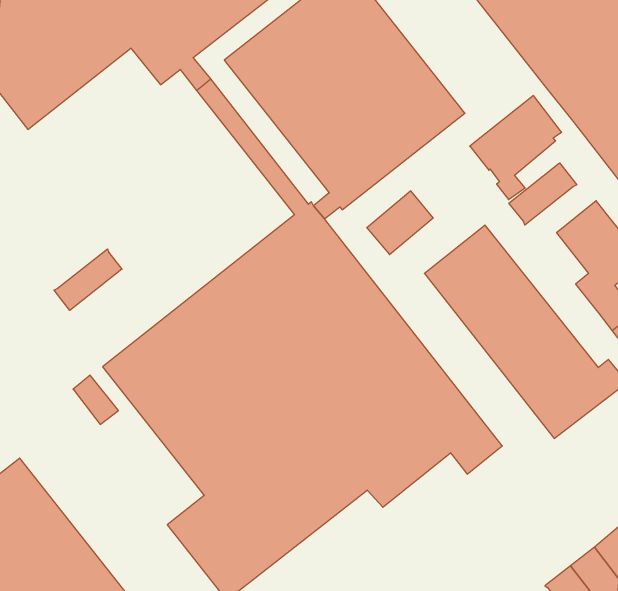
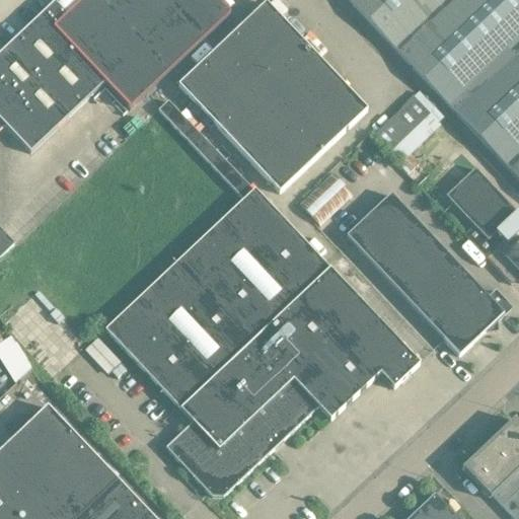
building: [509,163,577,225] -> none
building: [54,249,122,310] -> none

